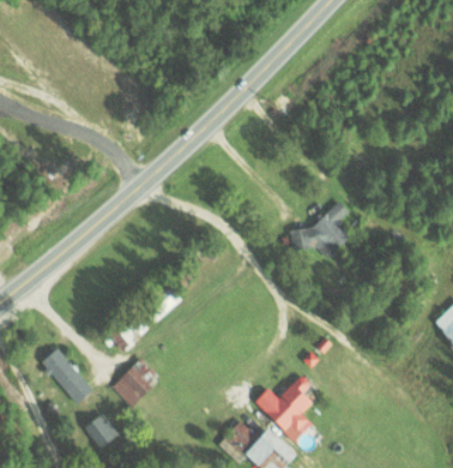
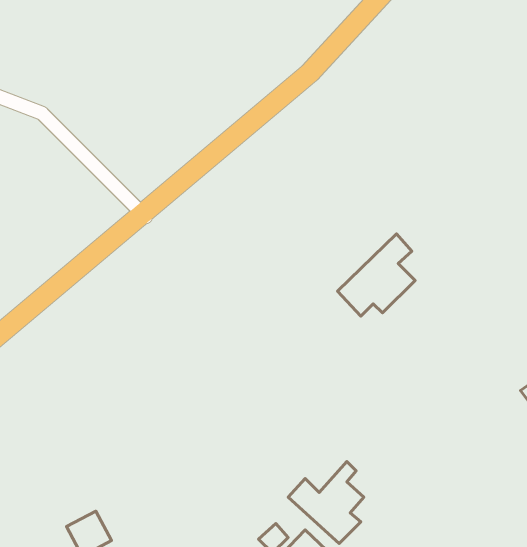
building: [42,346,92,404] -> none
building: [113,358,162,406] -> none

